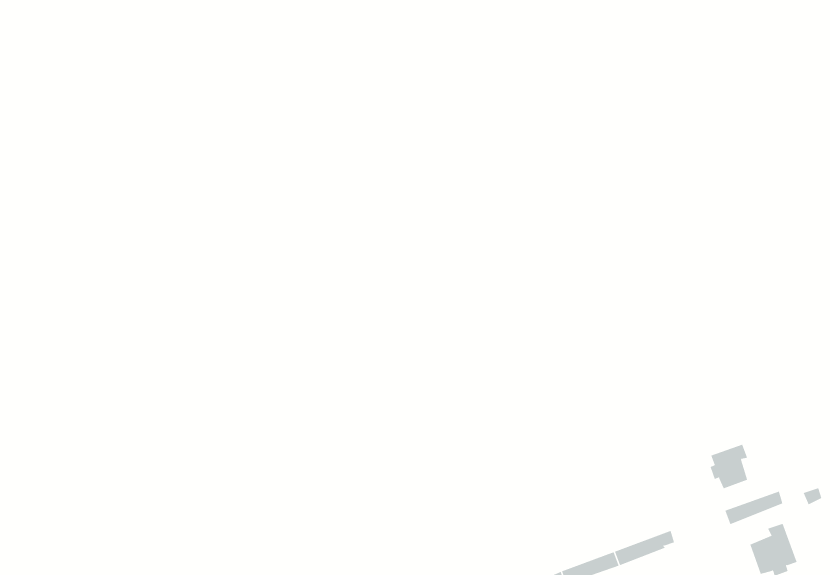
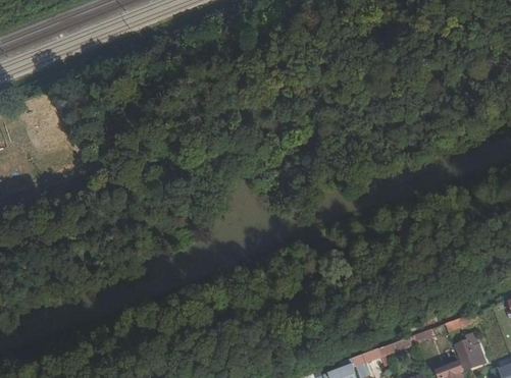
building: [710,444,748,489] -> none

